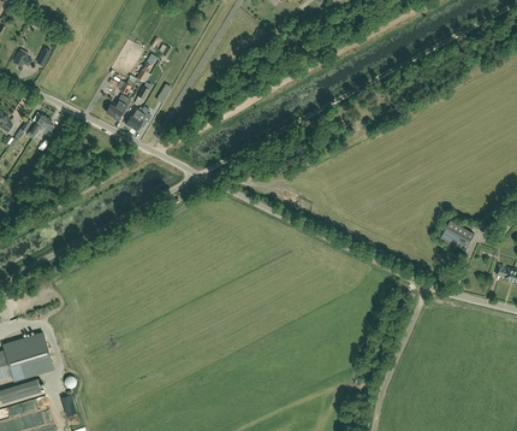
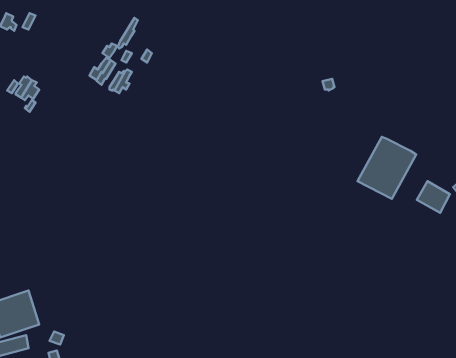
building: none -> [357,137,416,199]

